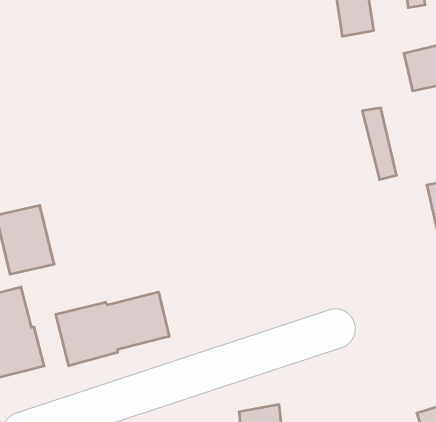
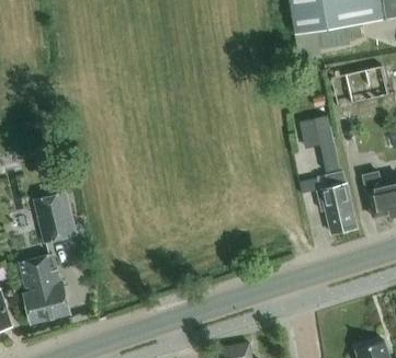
building: none -> [314,170,357,234]
building: [56,292,169,366] -> none

